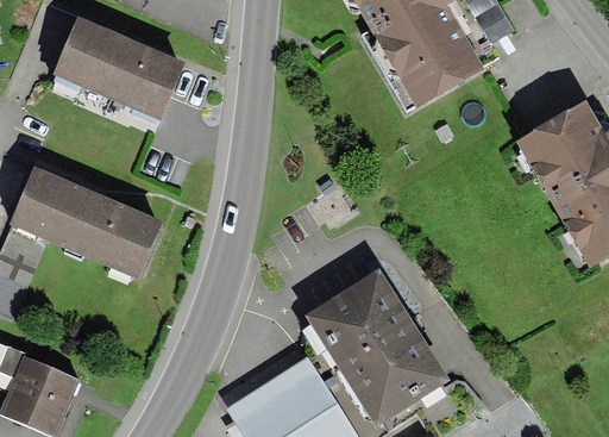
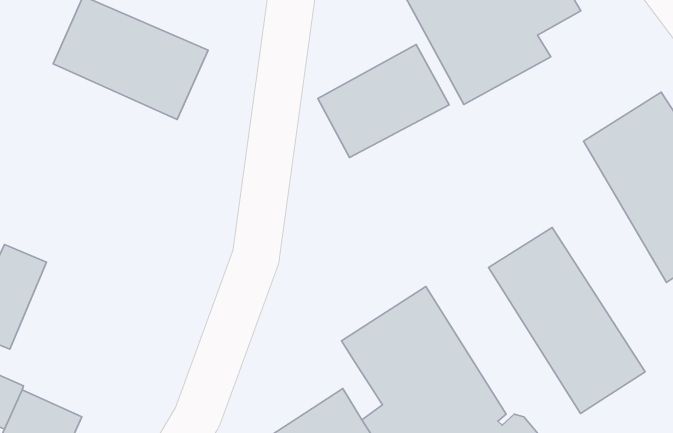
building: none -> [318,45,449,157]
building: [11,169,162,280] -> none
building: none -> [488,227,645,414]

